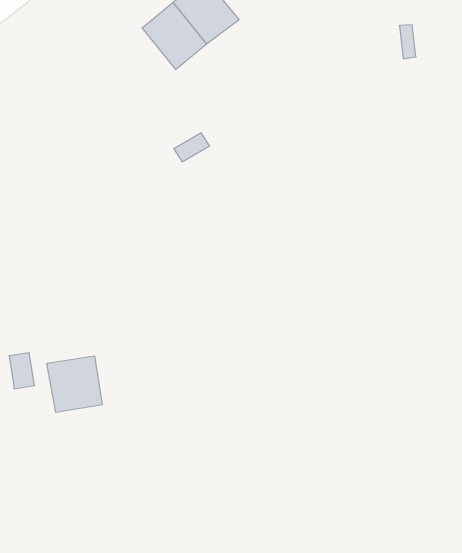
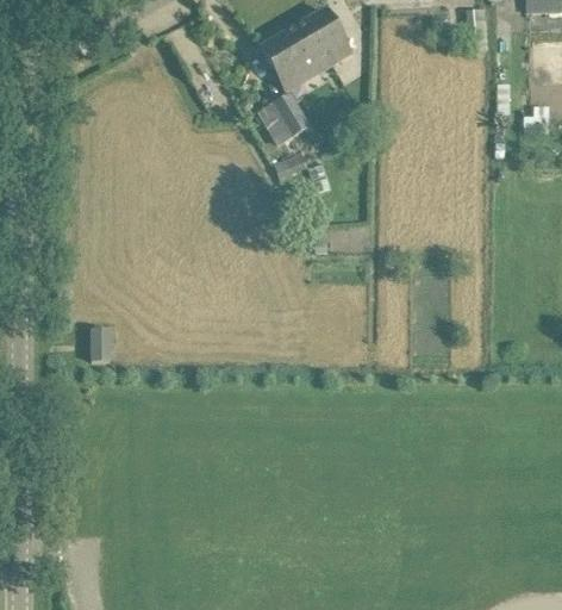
building: none -> [260,95,307,144]
building: [47,356,102,412] -> none

